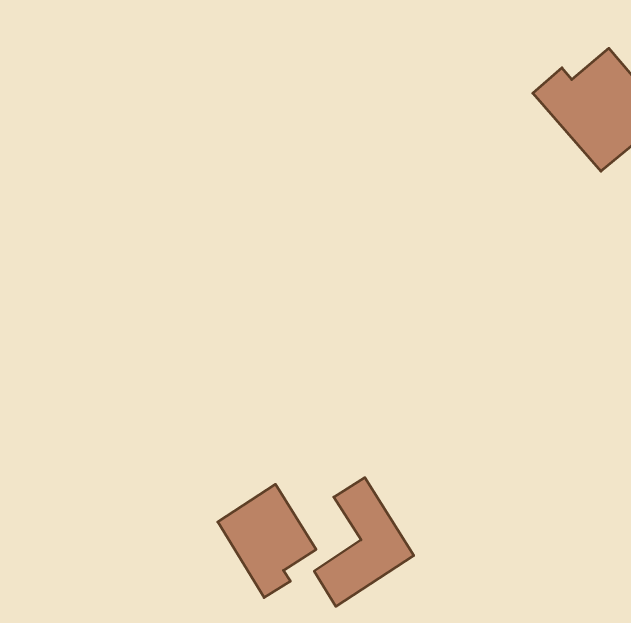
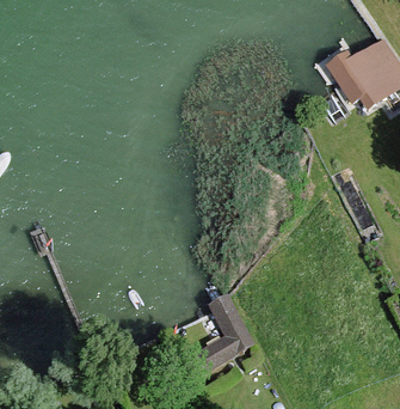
building: [218,484,316,598] -> none

